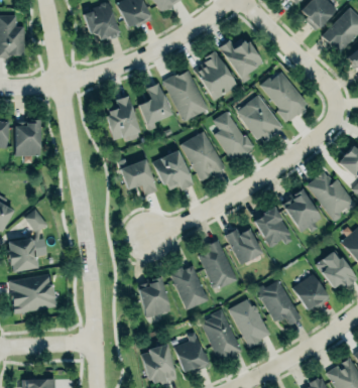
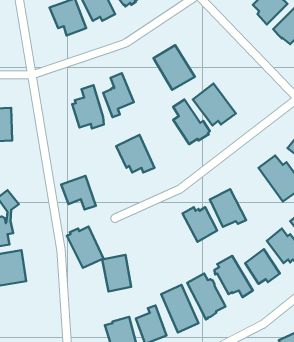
building: [218,36,263,81] -> none
building: [163,70,208,122] -> none
building: [260,71,307,121] -> none
building: [181,130,225,180] -> none
building: [119,158,156,195] -> [61,176,96,210]
building: [280,187,321,232] -> none
building: [198,238,237,288] -> none
building: [169,265,209,309] -> [67,227,103,268]

